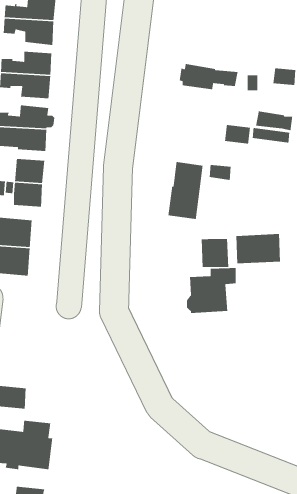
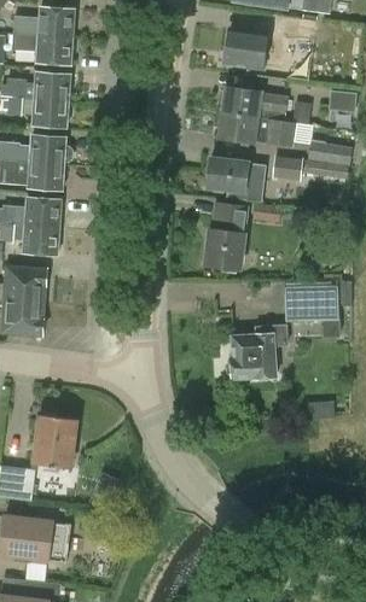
building: none -> [222,29,281,68]
building: none -> [216,112,296,147]
building: none -> [205,158,263,199]
building: [201,238,229,268] -> none
building: none -> [33,414,75,468]

